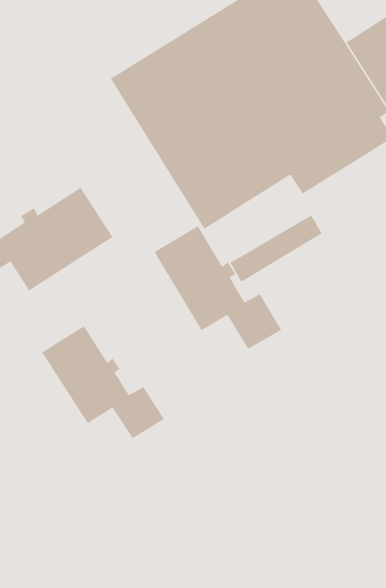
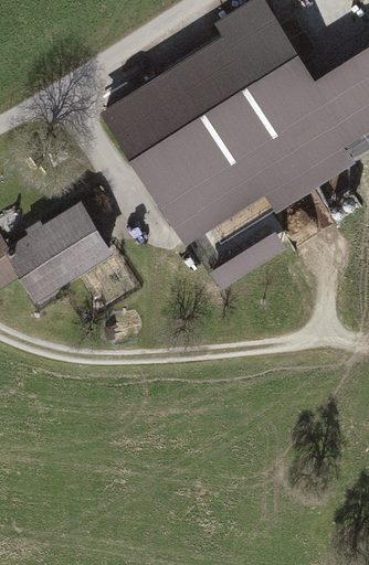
building: [154,225,282,350] -> none
building: [41,325,165,439] -> none

